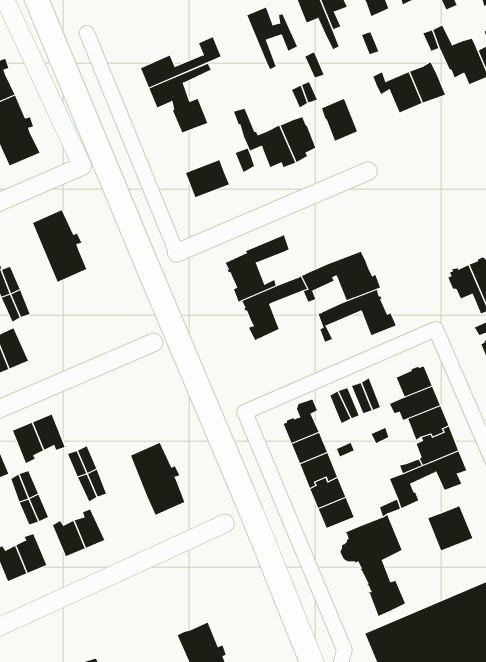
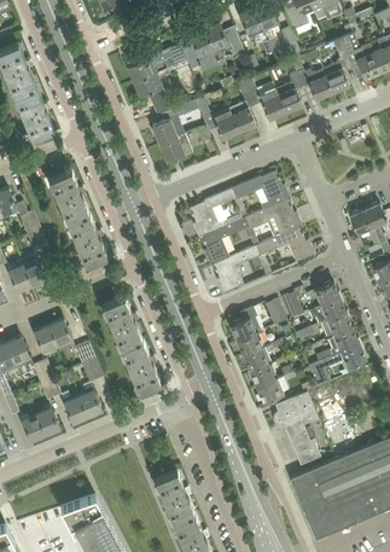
building: none -> [184,27,219,68]
building: none -> [275,74,302,114]
building: none -> [152,106,185,144]
building: none -> [232,172,290,210]
building: none -> [66,214,107,266]
building: none -> [213,246,260,295]
building: none -> [101,296,141,349]
building: [427,505,473,551] -> none

